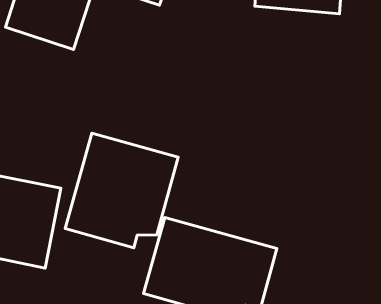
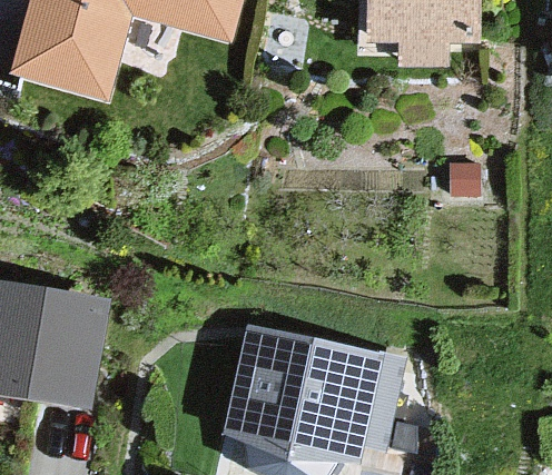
building: [65,133,178,248] -> none

